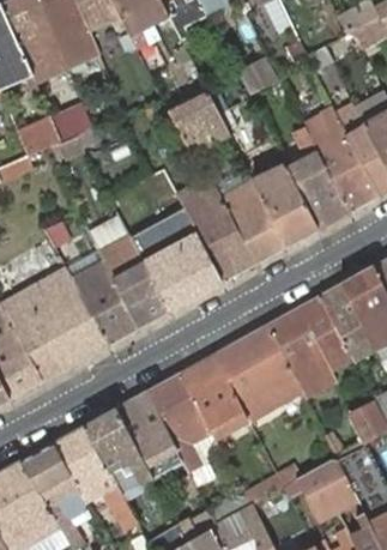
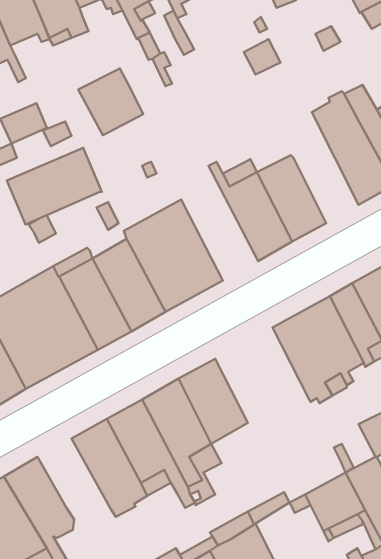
building: [170,93,230,155] -> [78,68,143,135]
building: [288,127,347,229] -> none
building: none -> [7,148,102,224]
building: [177,176,255,282] -> none
building: [216,325,302,421] -> none
building: [53,427,138,531] -> none

